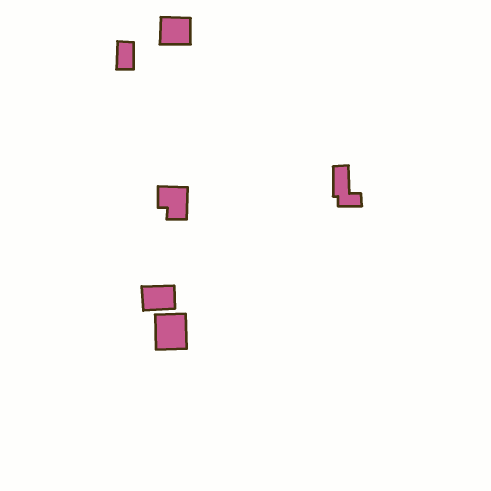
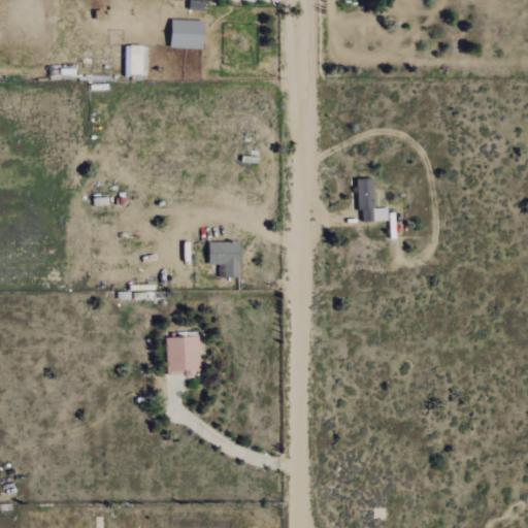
building: [158,186,188,219] -> [210,241,242,276]
building: [142,286,175,311] -> none

